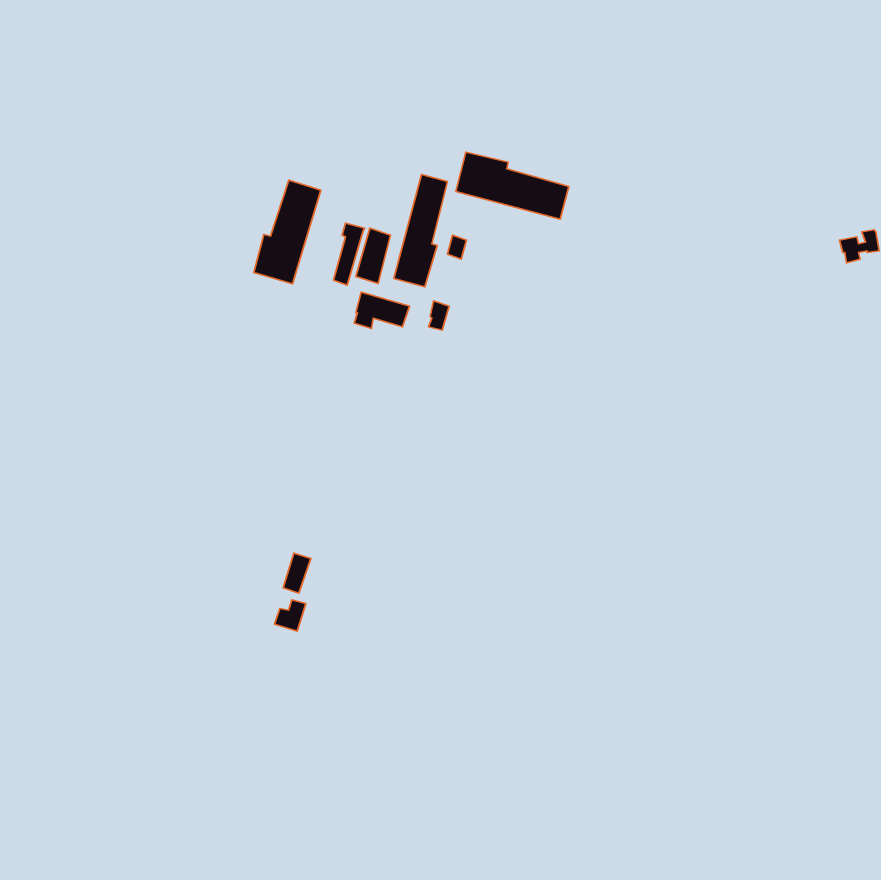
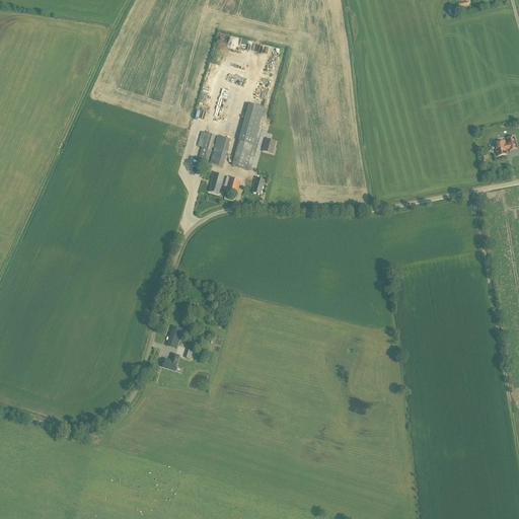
building: [456,152,569,219] -> none
building: [254,180,321,284] -> none

